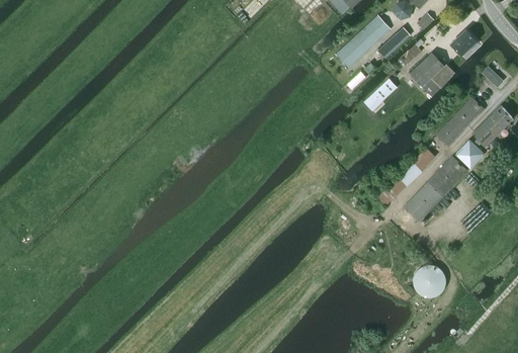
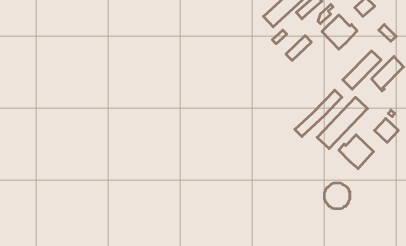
building: [454,139,485,169] -> [374,118,398,142]
building: none -> [339,135,374,169]

